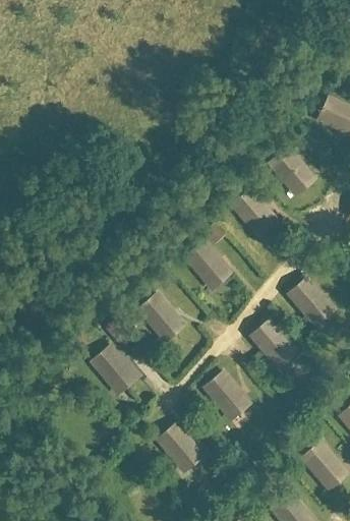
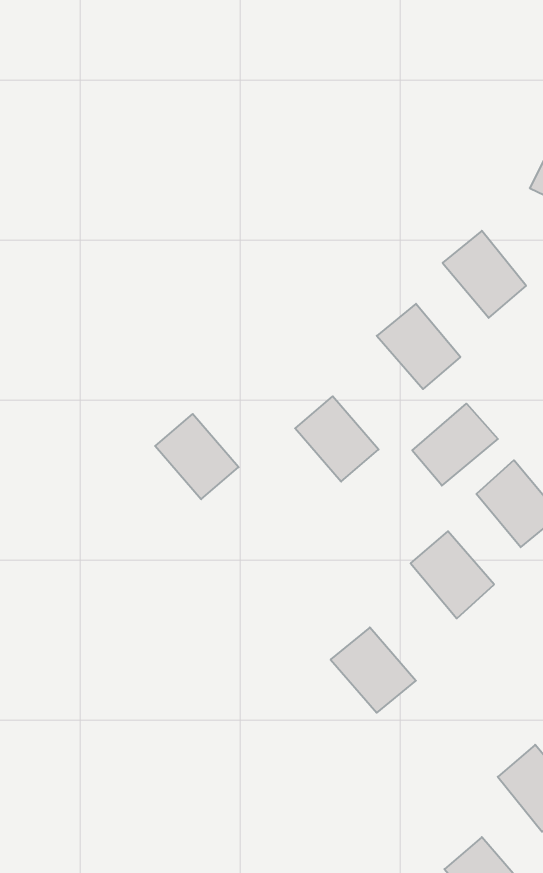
building: none -> [412,404,498,486]
building: [135,286,183,335] -> [155,414,239,499]
building: [91,347,138,396] -> none
building: [157,422,205,471] -> none

